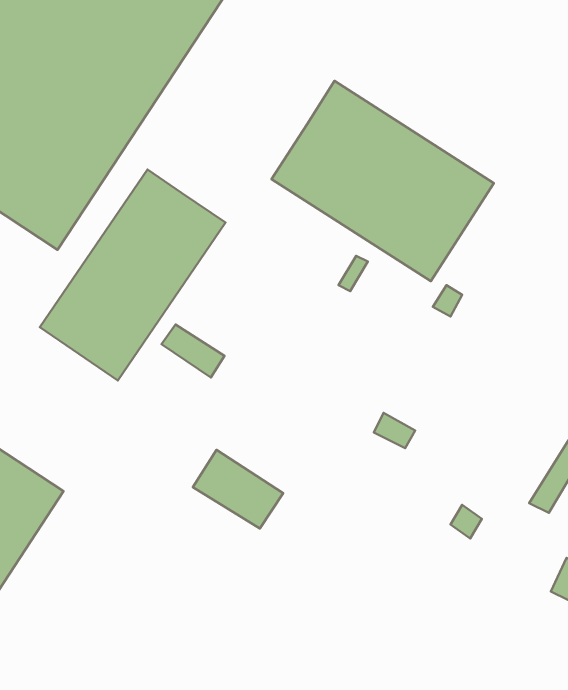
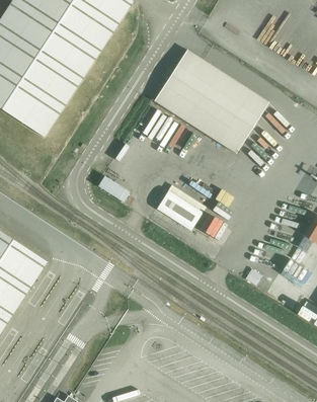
building: [40,169,225,380] -> none
building: [193,450,283,528] -> [156,189,203,230]

